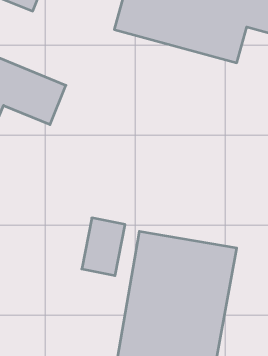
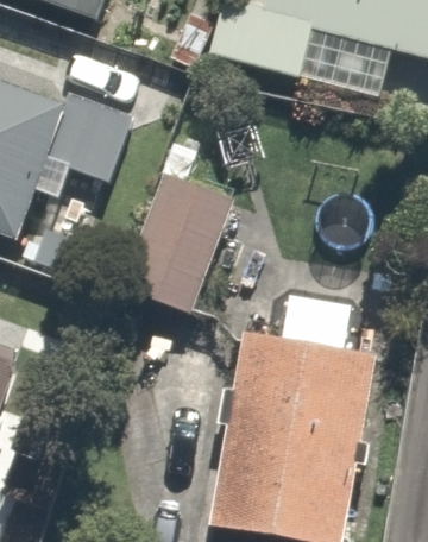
building: none -> [114,159,239,314]

